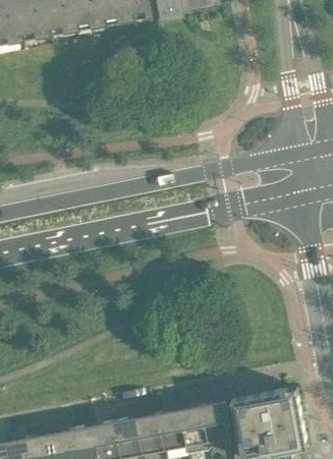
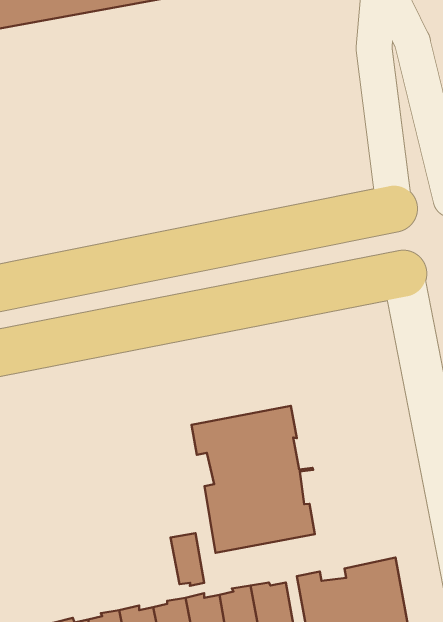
building: none -> [192,406,315,553]
building: none -> [171,533,204,586]

